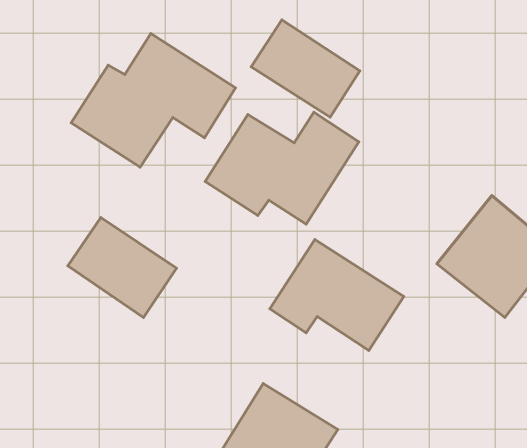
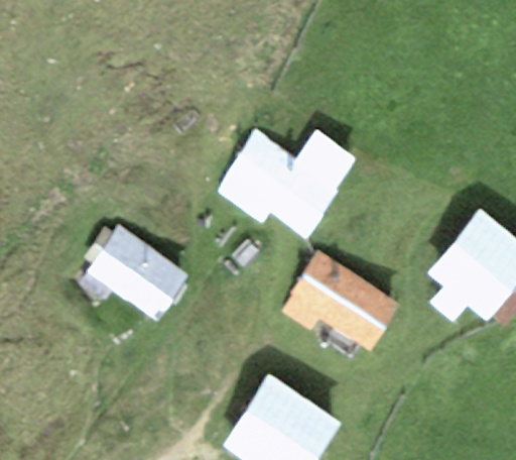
building: [251,20,360,117] -> none
building: [71,34,236,167] -> none

